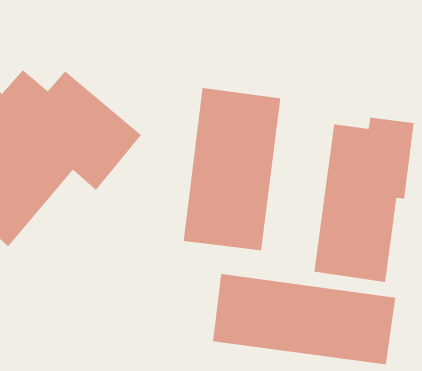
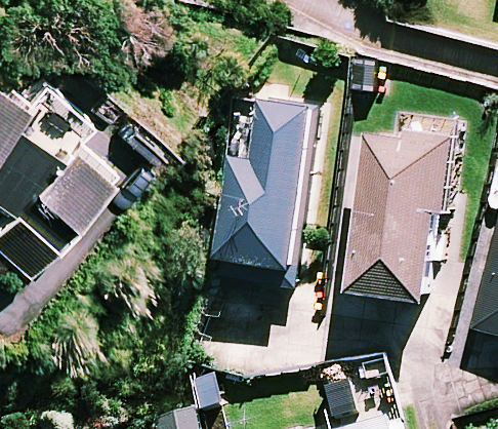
building: [212,273,396,365] -> none

